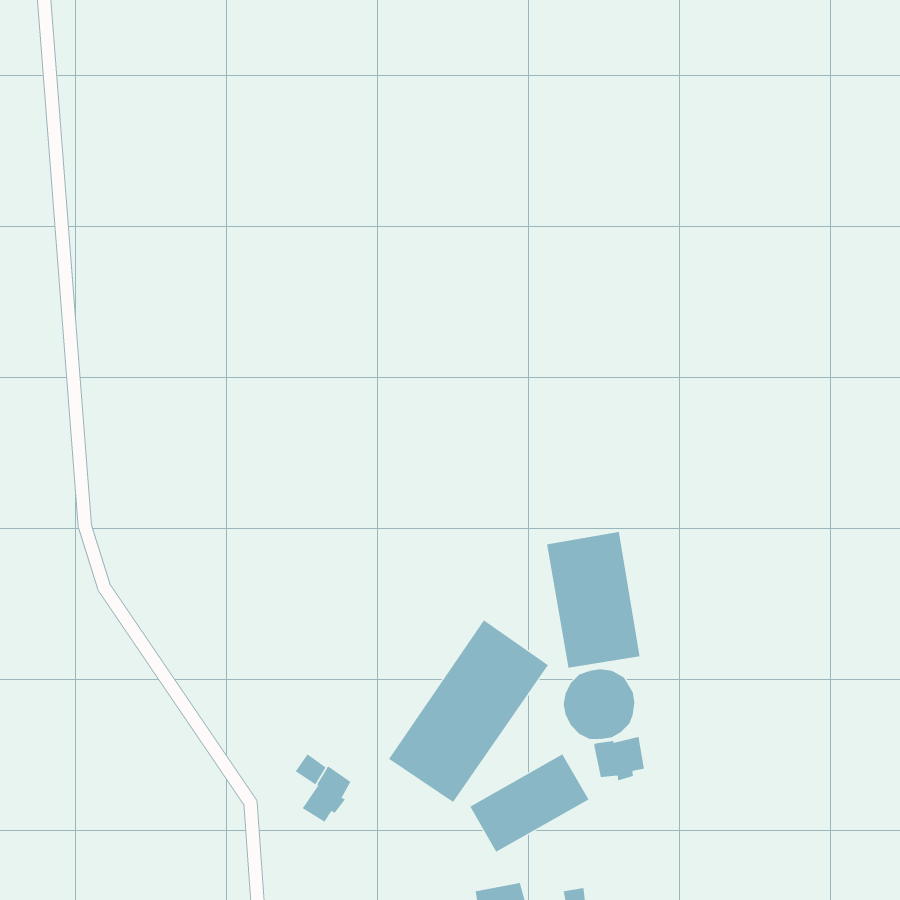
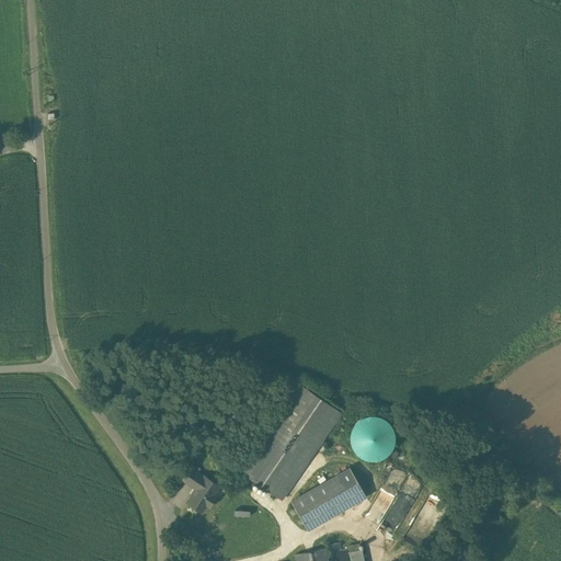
building: [547,531,640,668] -> none
building: [593,736,644,781] -> none

